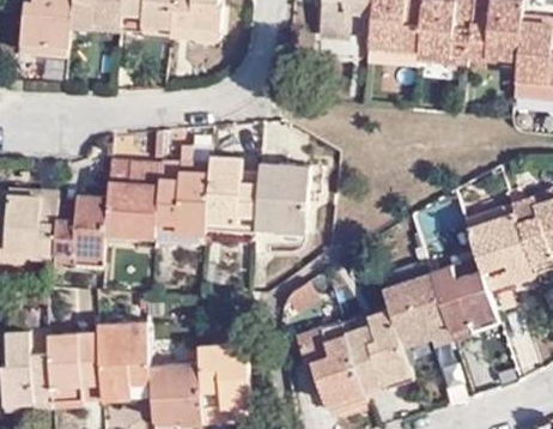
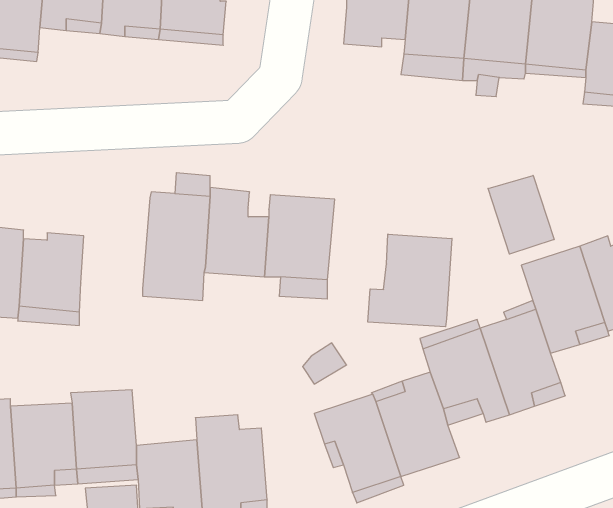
building: none -> [488,175,554,254]
building: [104,159,160,238] -> none
building: none -> [368,234,452,327]

